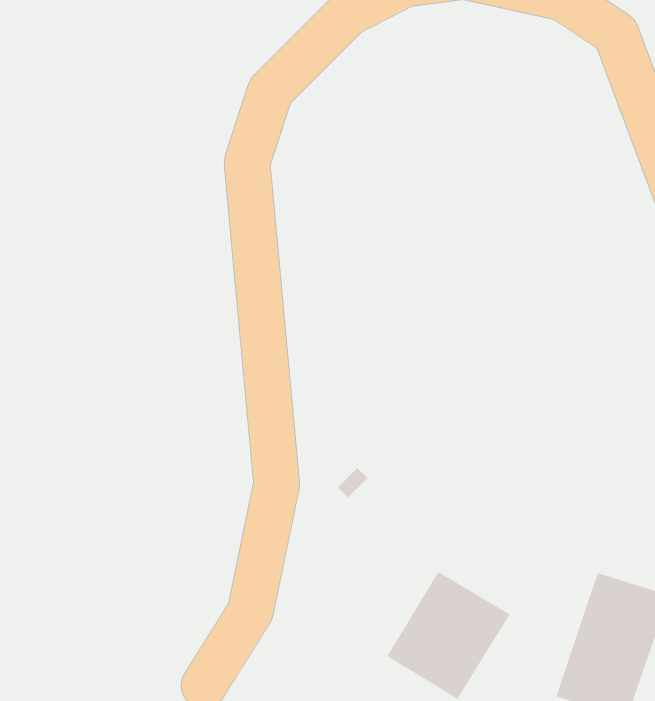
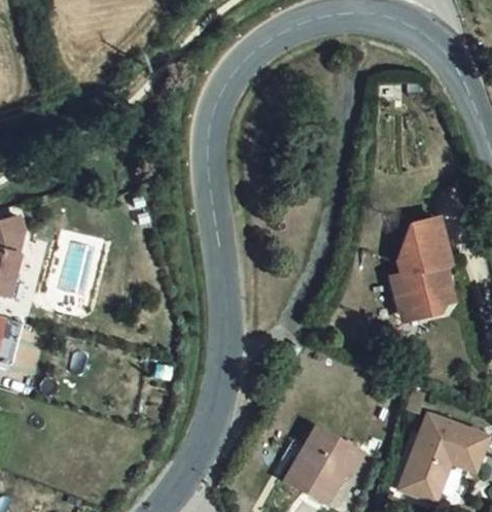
building: none -> [386,217,453,326]

